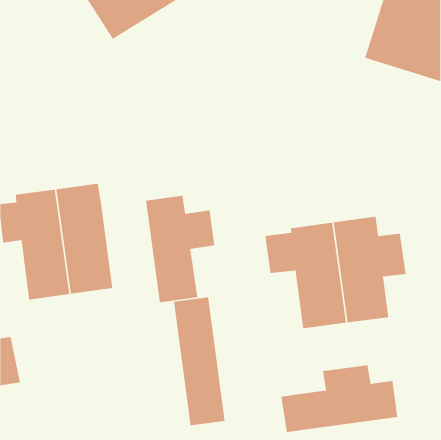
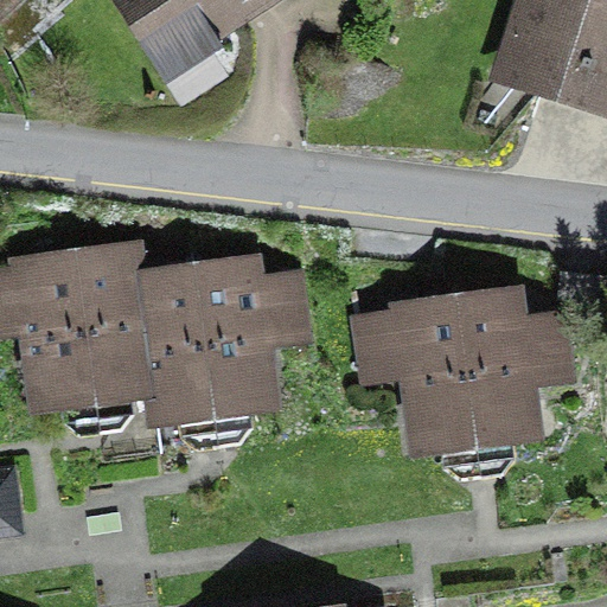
building: none -> [140,274,218,423]
building: [173,297,226,426] -> none
building: [280,365,398,433] -> none

